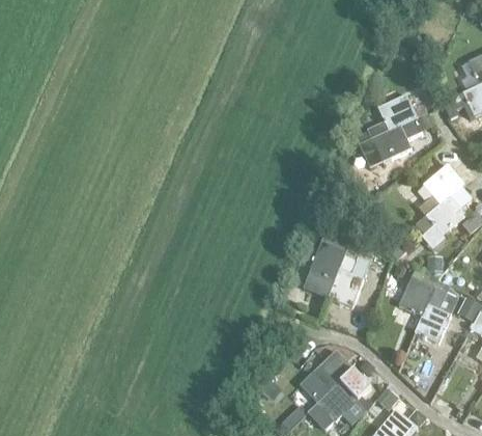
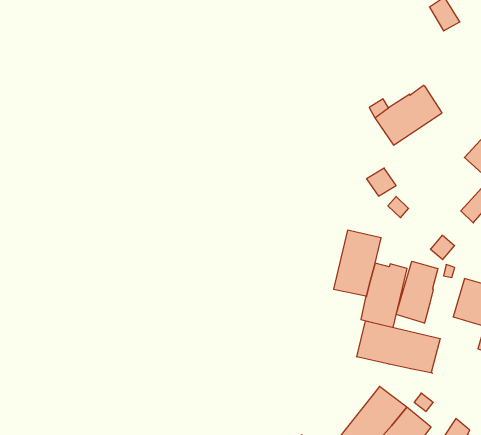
building: [376,94,426,132] -> none
building: none -> [396,261,438,323]
building: none -> [357,321,440,373]

